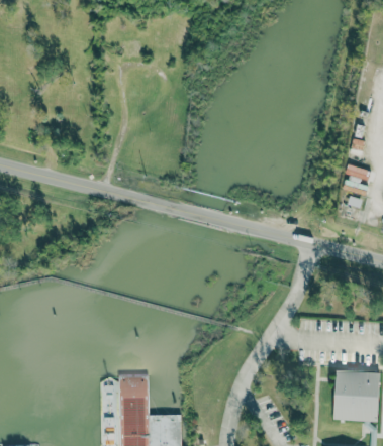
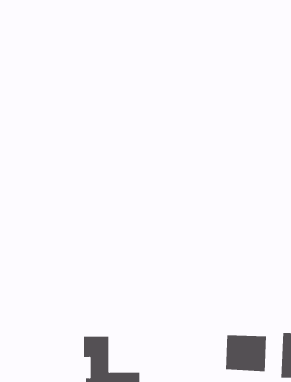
building: none -> [225,334,267,372]

